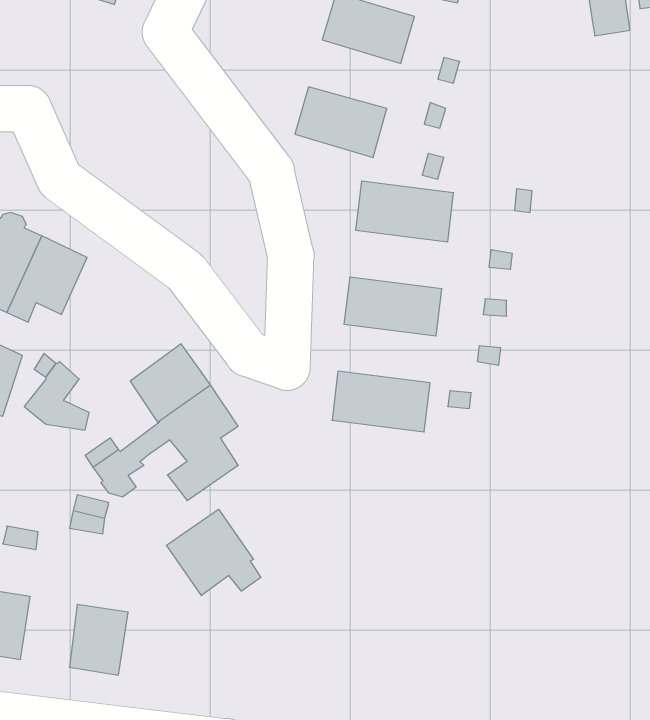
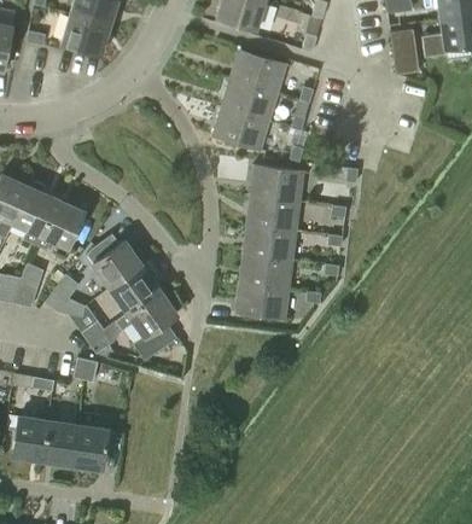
building: none -> [220,77,276,120]
building: none -> [245,194,305,231]
building: none -> [86,233,141,287]
building: none -> [238,252,298,289]
building: [166,509,261,596] -> none
building: none -> [42,420,77,464]

